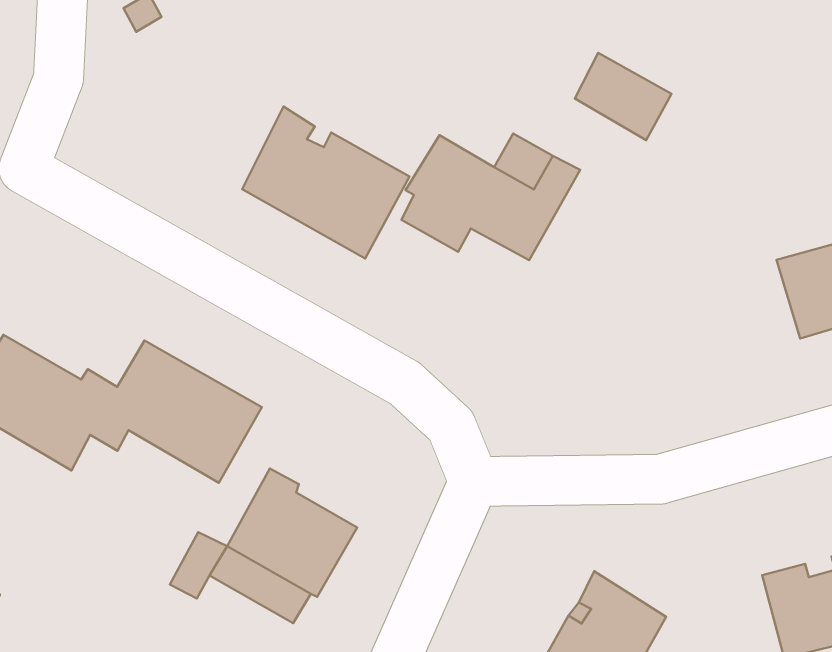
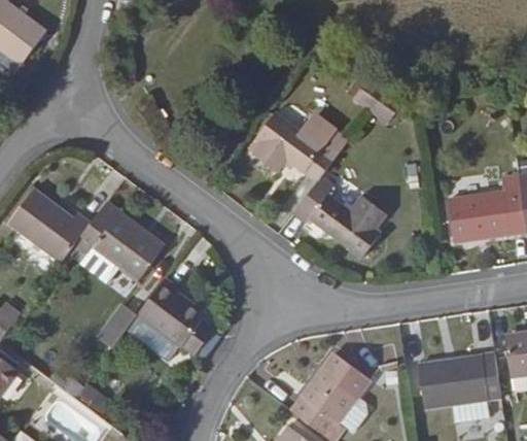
building: [242,107,409,258] -> none
building: none -> [295,183,390,260]

